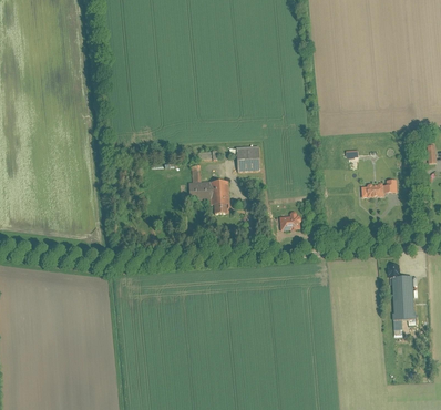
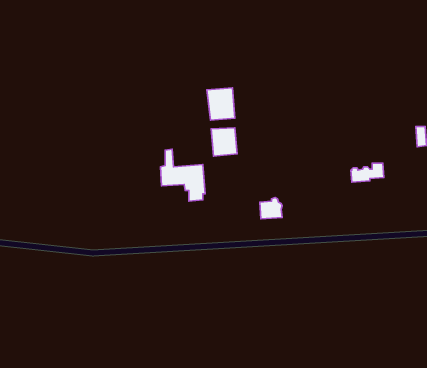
building: none -> [207,88,235,120]
building: [393,276,418,320] -> none

